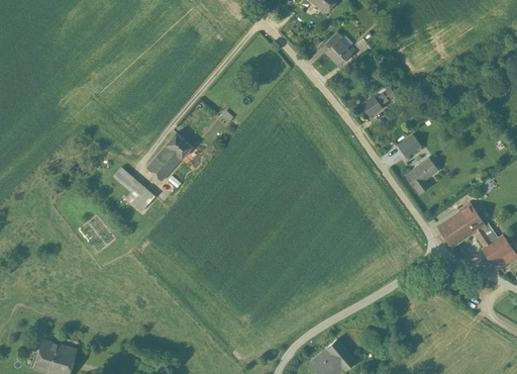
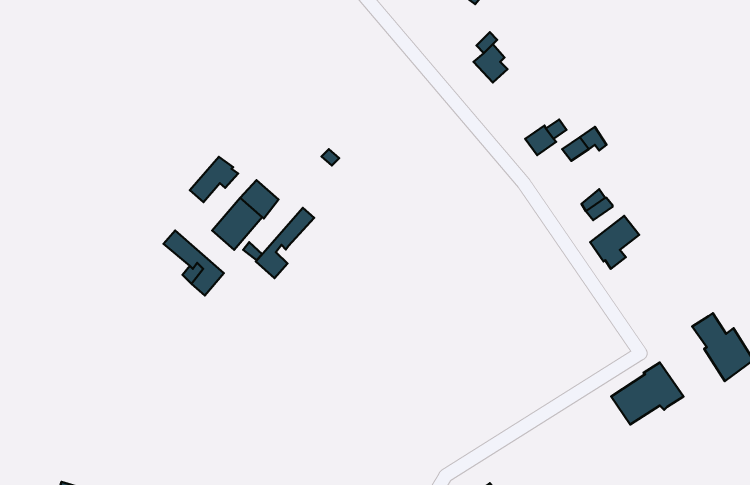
building: none -> [190,157,238,202]
building: none -> [256,208,314,278]
building: [436,202,486,245] -> [611,362,683,425]

